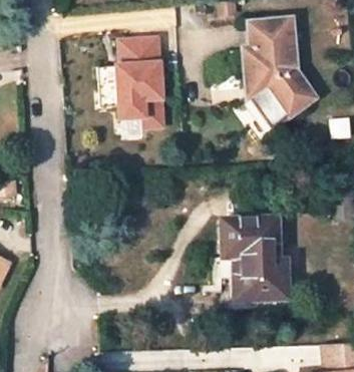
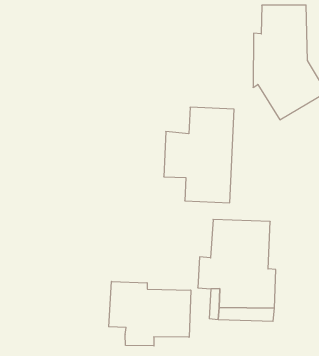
building: [98,36,162,123] -> [164,107,234,203]
building: none -> [109,281,191,346]

